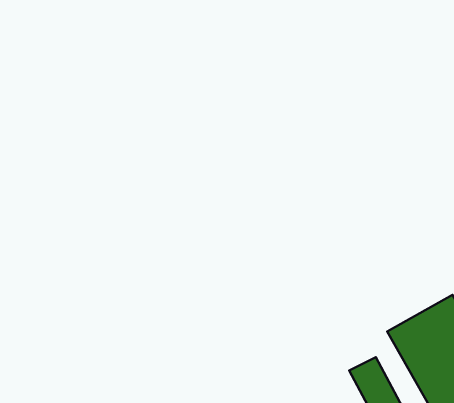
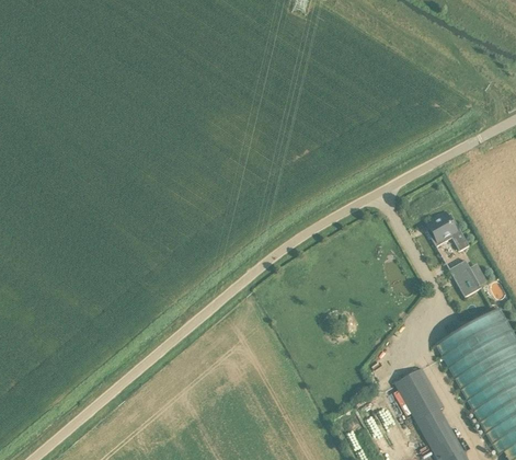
building: none -> [425,211,468,251]
building: none -> [447,261,480,298]

